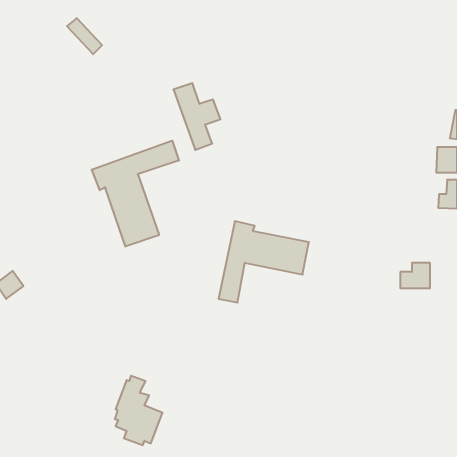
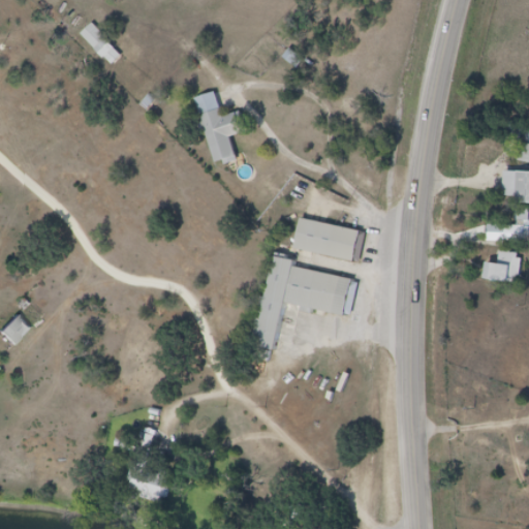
building: [92,141,179,247] -> none
building: none -> [295,220,366,270]
building: [400,263,430,288] -> [481,250,516,279]

